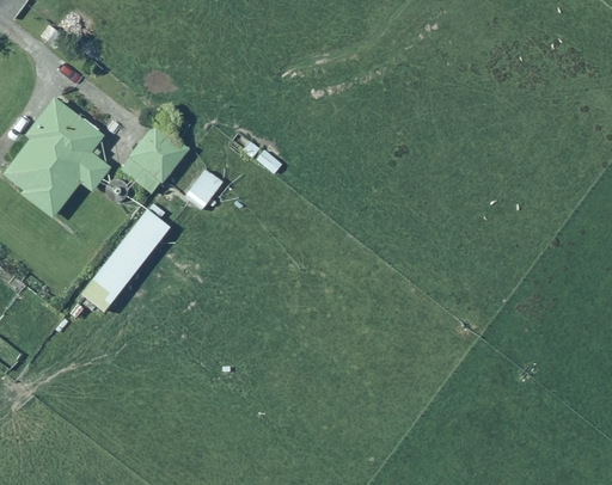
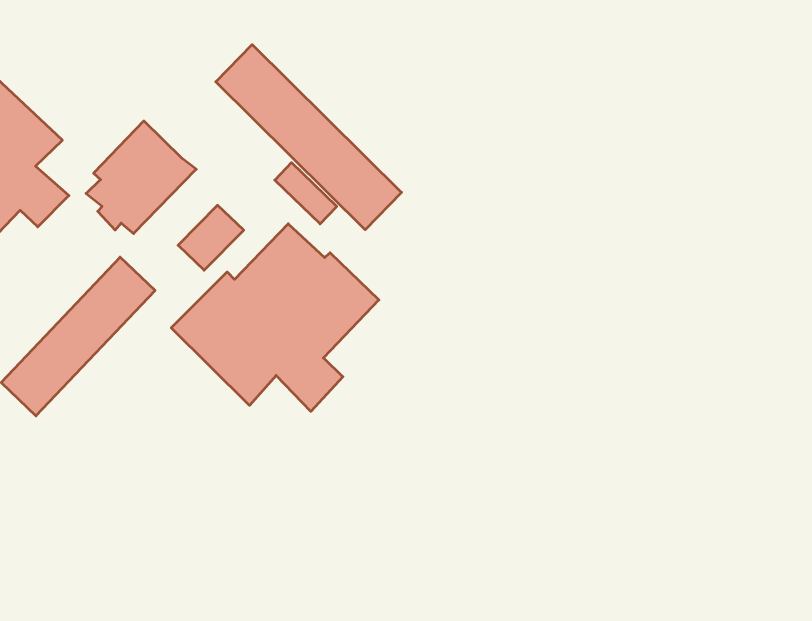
building: none -> [216,45,402,230]
building: none -> [171,224,379,411]

